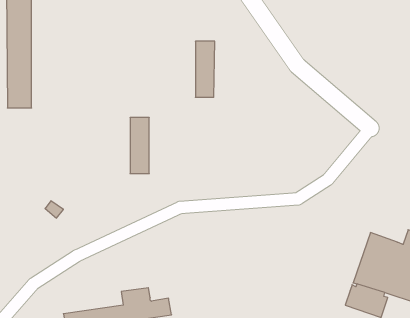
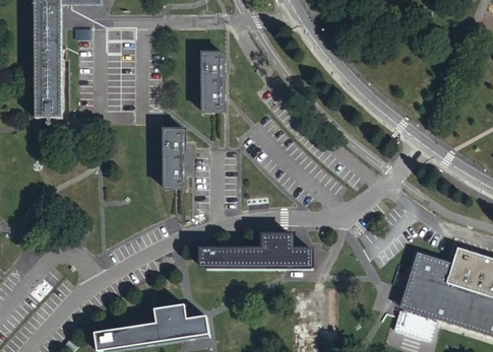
building: [195,41,215,97] -> [202,52,223,111]
building: none -> [202,234,313,266]

